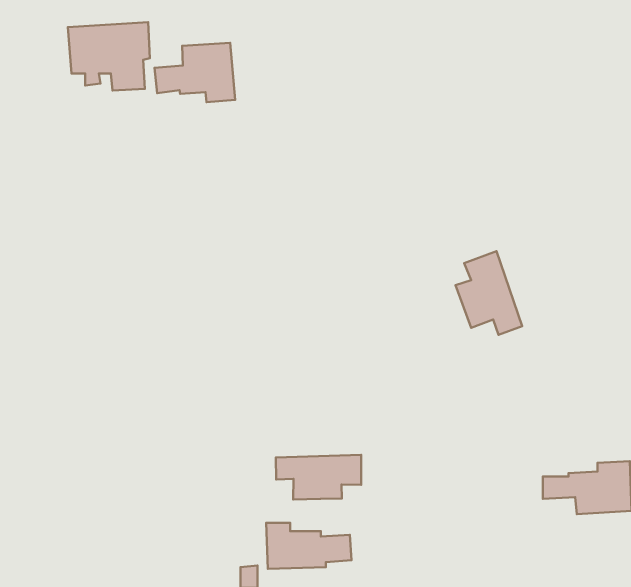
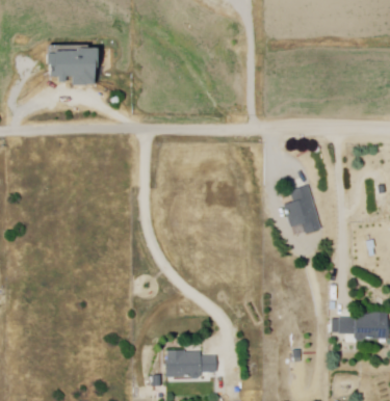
building: [154,43,235,102] -> none
building: [276,455,361,499] -> none

